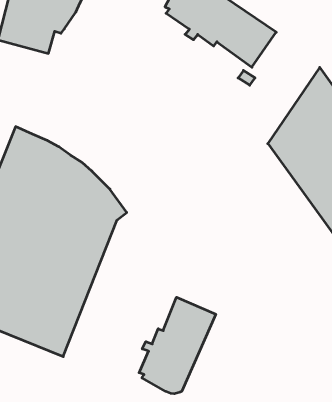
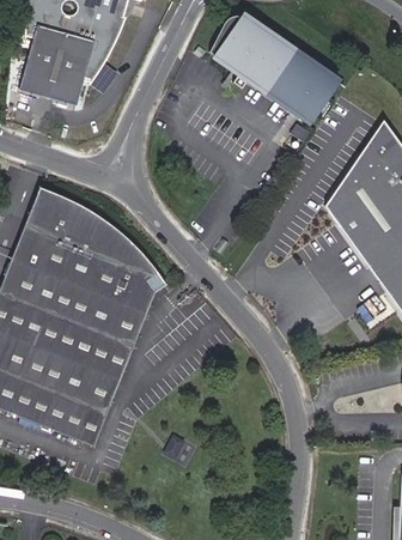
building: [139,297,216,394] -> none

